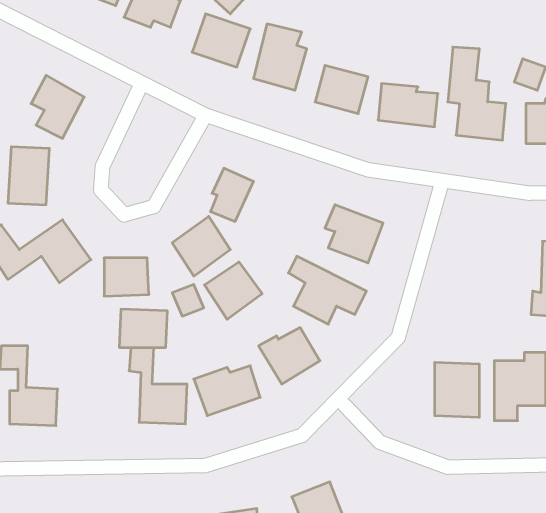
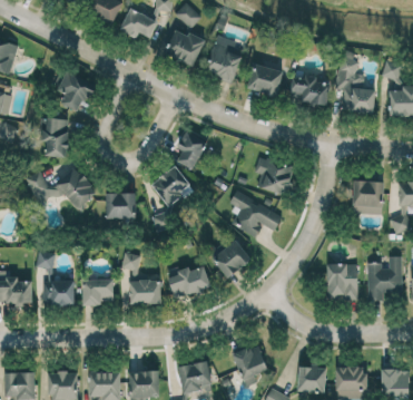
building: none -> [352,181,383,214]
building: [204,262,262,319] -> none
building: [119,309,167,347] -> [81,279,114,304]

